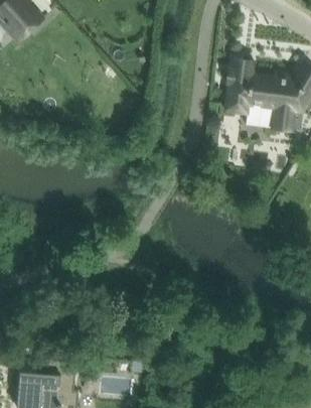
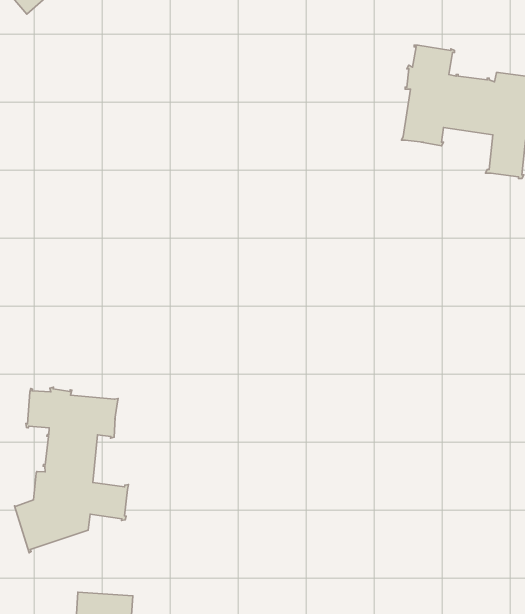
building: none -> [15,387,129,553]

